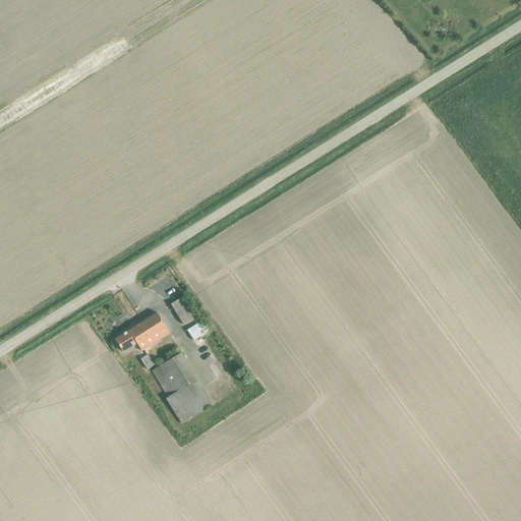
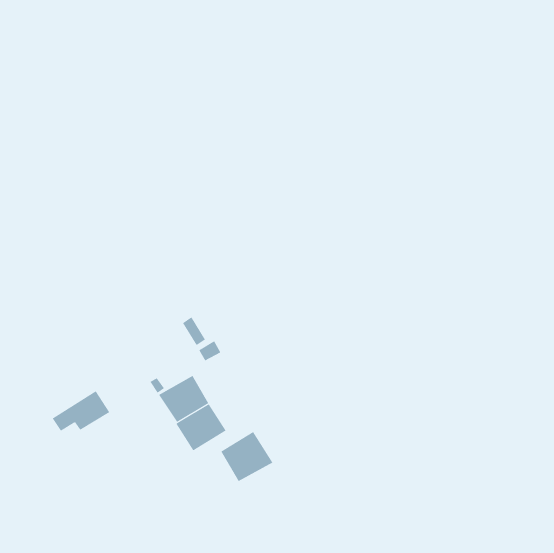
building: [115,312,170,351] -> [52,390,110,432]
building: none -> [221,431,273,482]

